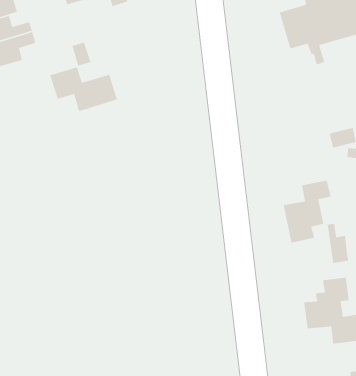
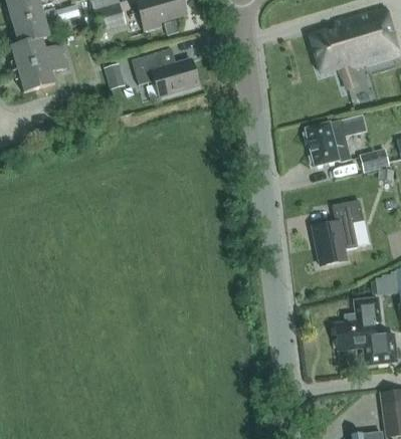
building: [49,67,118,112] -> [131,51,199,96]
building: none -> [305,115,367,166]
building: [327,223,349,264] -> none

